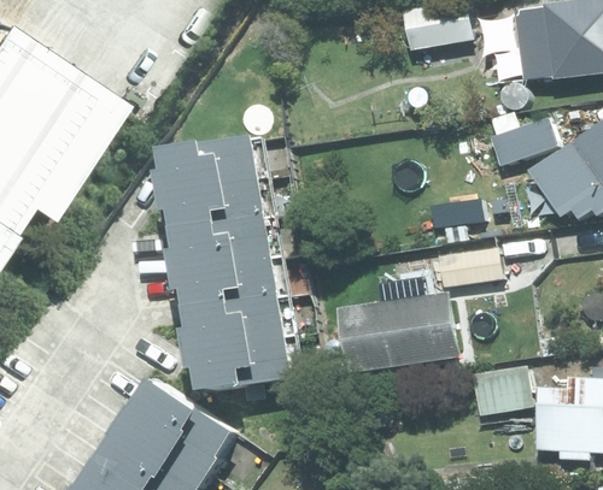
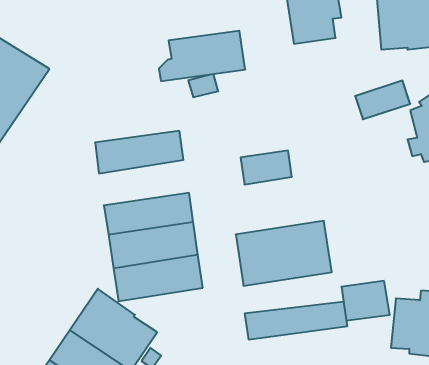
building: [160,132,268,195] -> [159,31,245,81]
building: [168,217,280,273] -> none
building: [434,248,498,290] -> [241,151,292,184]
building: none -> [245,301,347,340]

